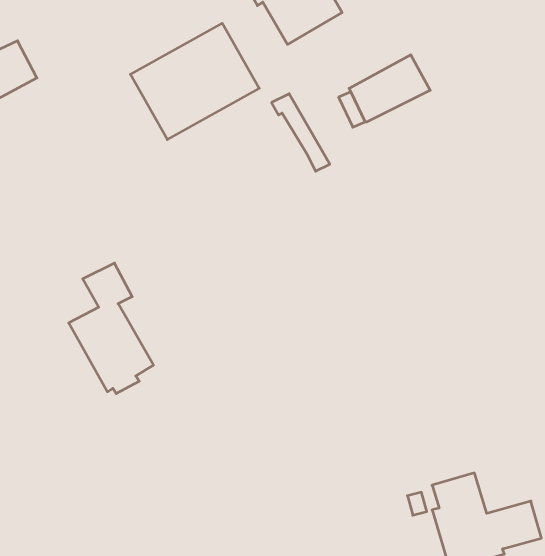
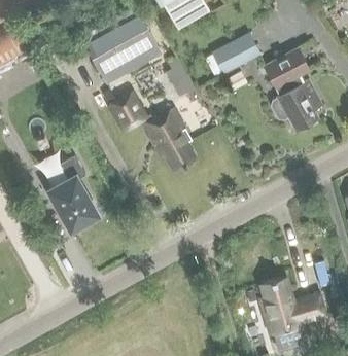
building: none -> [263,48,322,129]
building: none -> [109,92,196,171]

